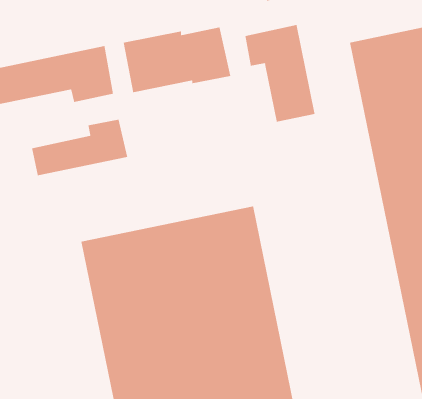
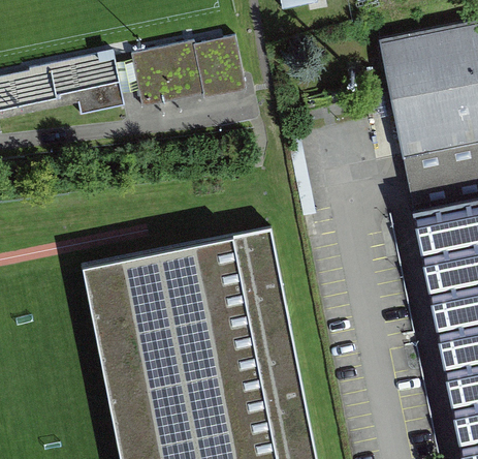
building: [245,24,315,123] -> none
building: [31,119,128,176] -> none

